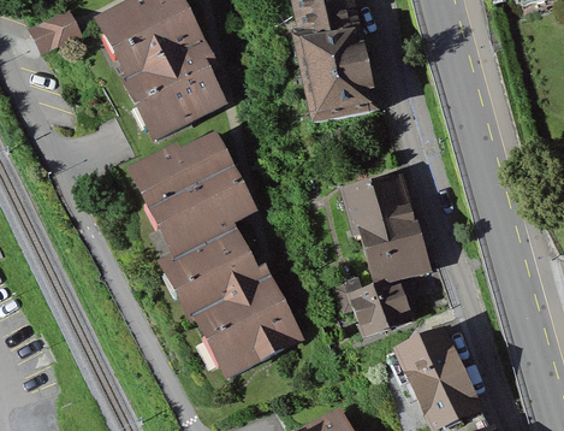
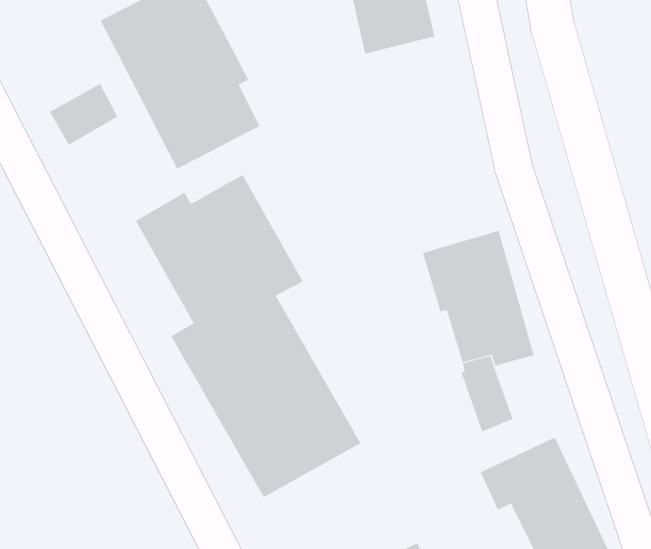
building: [34,7,85,54] -> [49,83,118,146]
building: [292,29,375,134] -> none
building: [345,276,388,335] -> none

